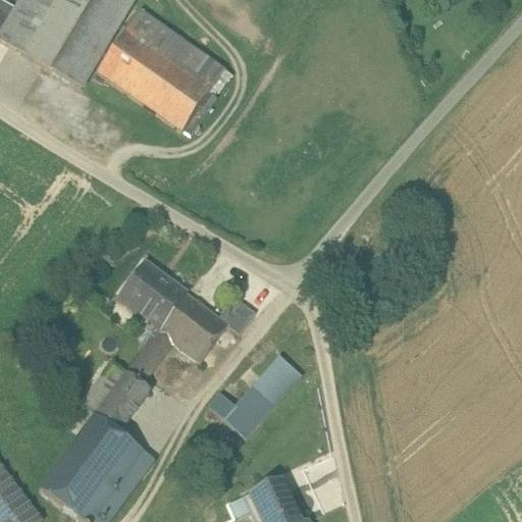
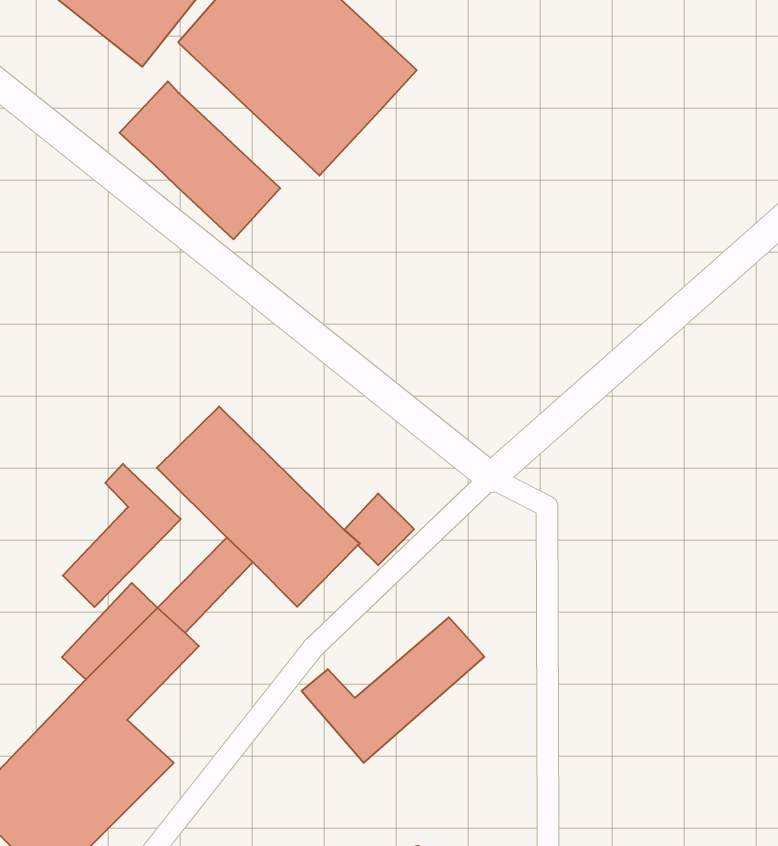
building: none -> [119,81,280,239]
building: none -> [63,464,181,607]

